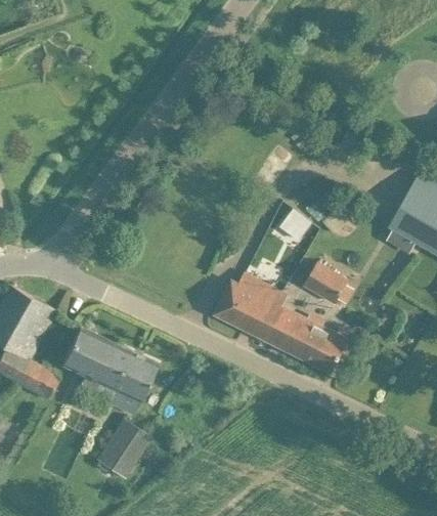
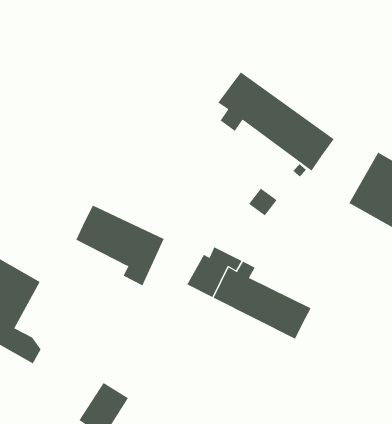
building: none -> [217,71,334,171]
building: [303,261,349,303] -> none
building: [61,328,158,416] -> [75,205,164,286]

